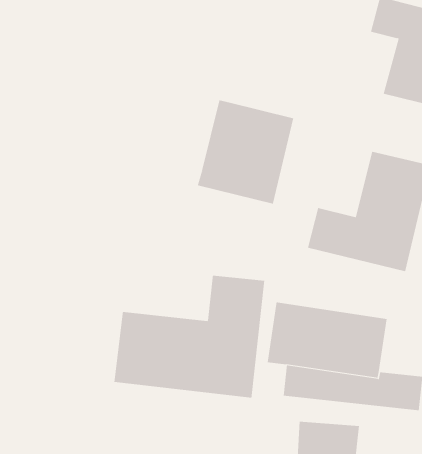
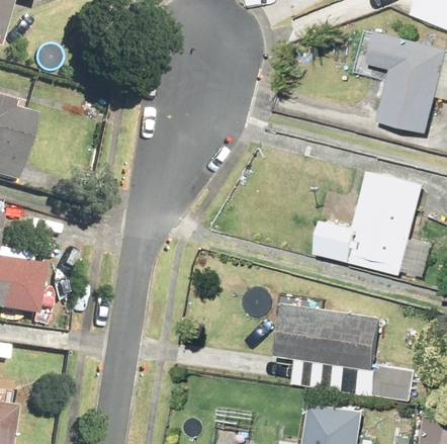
building: [197,100,294,204] -> none
building: [114,275,265,399] -> none

